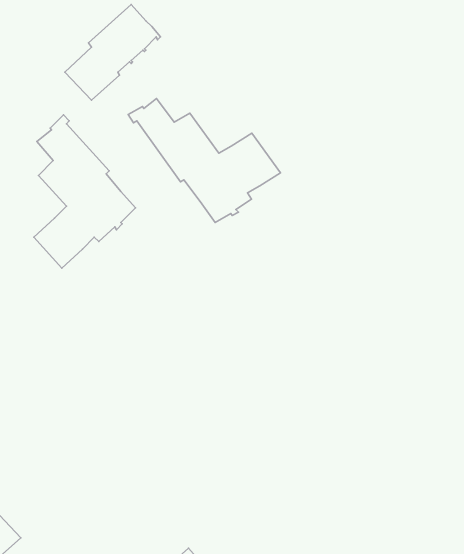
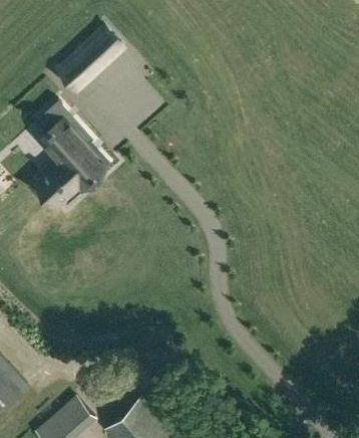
building: [128,99,280,222] -> none

